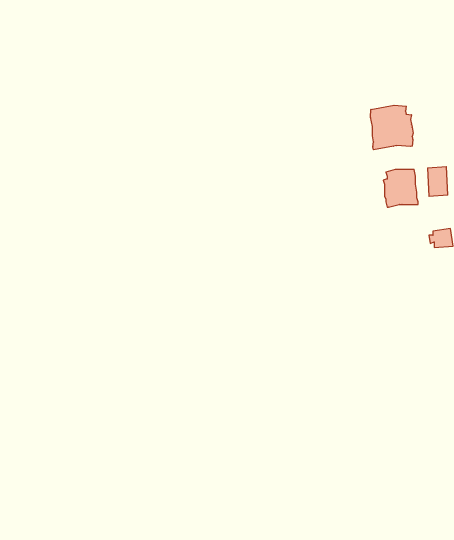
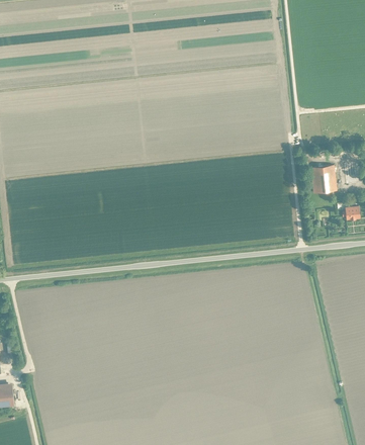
building: [371,105,413,150] -> none

